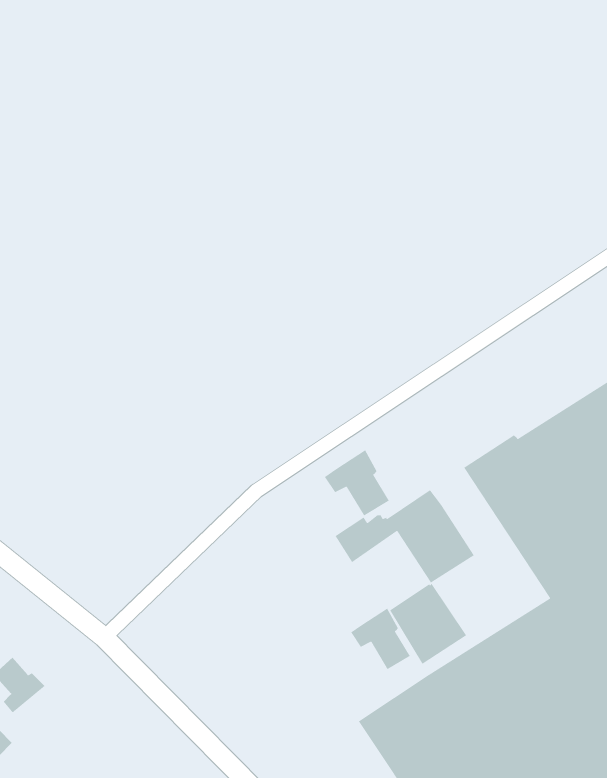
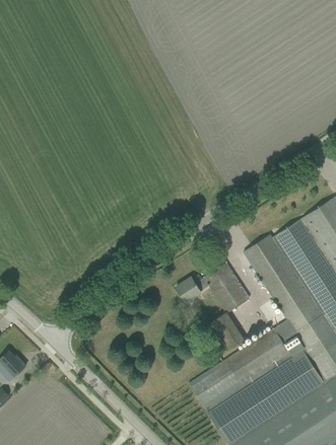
building: [324,449,390,516] -> none
building: [350,607,411,670] -> none

